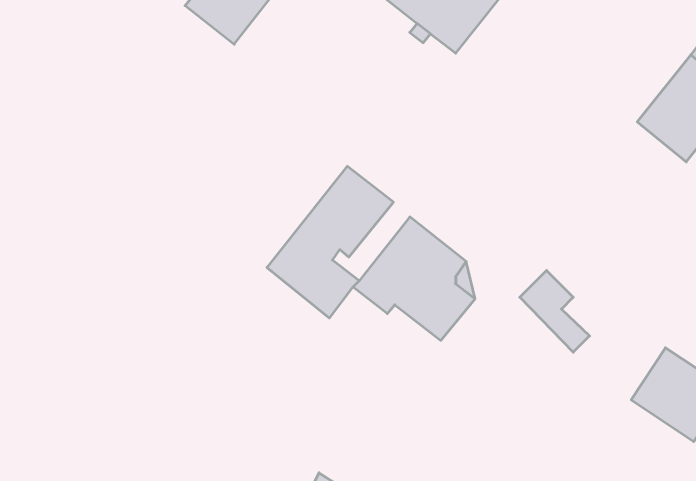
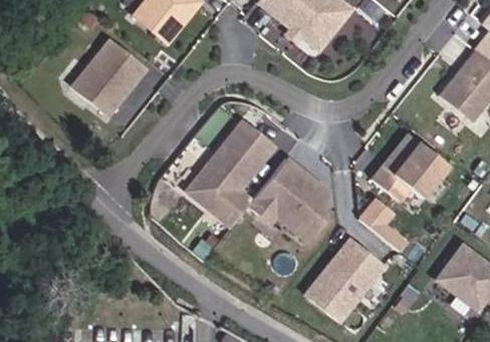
building: none -> [72,39,146,114]
building: none -> [373,132,448,200]
building: none -> [306,238,385,320]

